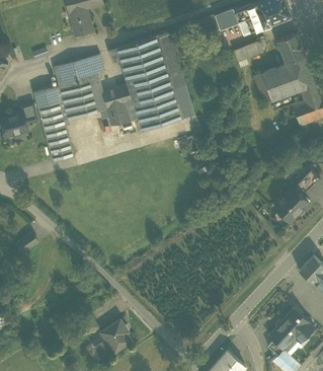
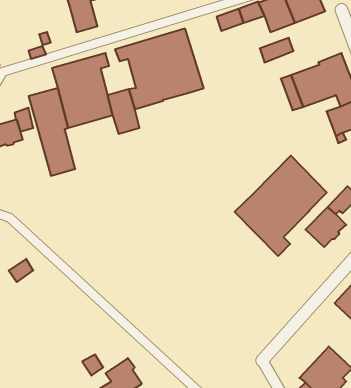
building: [276,32,305,62] -> none
building: [126,88,180,129] -> none
building: none -> [235,156,327,256]

